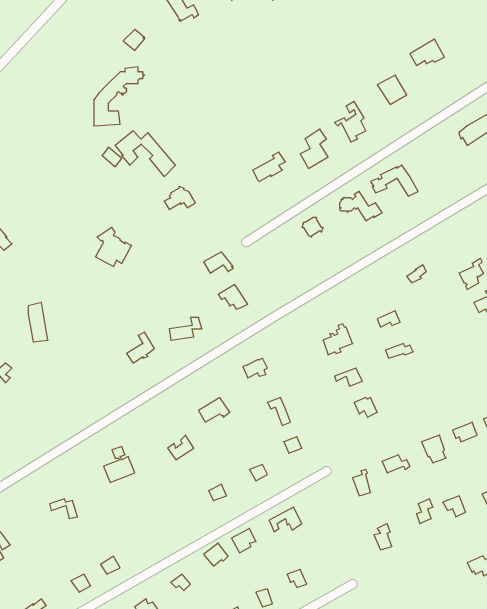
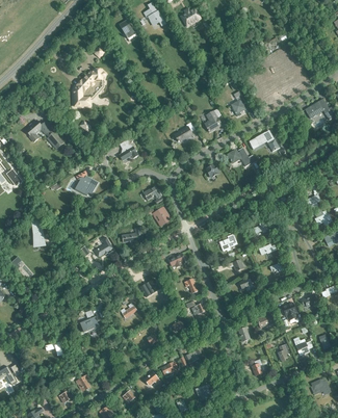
building: [115,131,176,177] -> [25,121,63,150]

